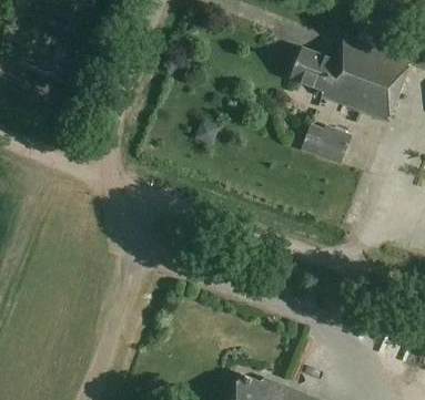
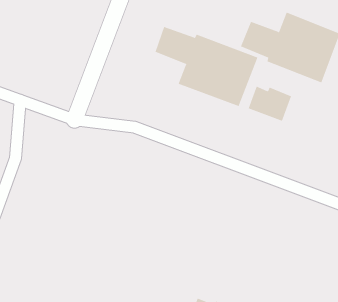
building: none -> [155,26,258,107]

